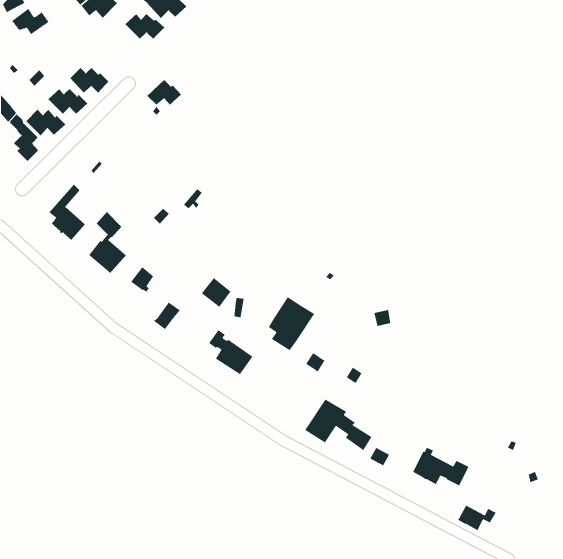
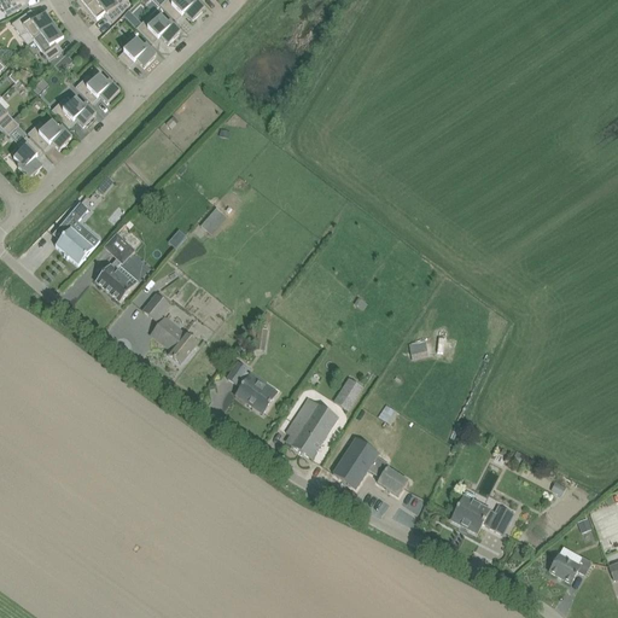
building: none -> [34,24,64,60]
building: [147,79,182,106] -> [118,37,157,66]
building: [201,277,232,308] -> [151,315,185,349]
building: [268,296,315,351] -> [287,397,339,457]
building: [457,505,497,531] -> [549,553,593,582]

